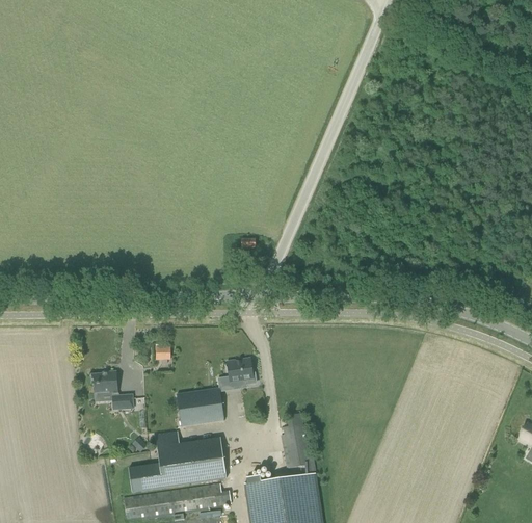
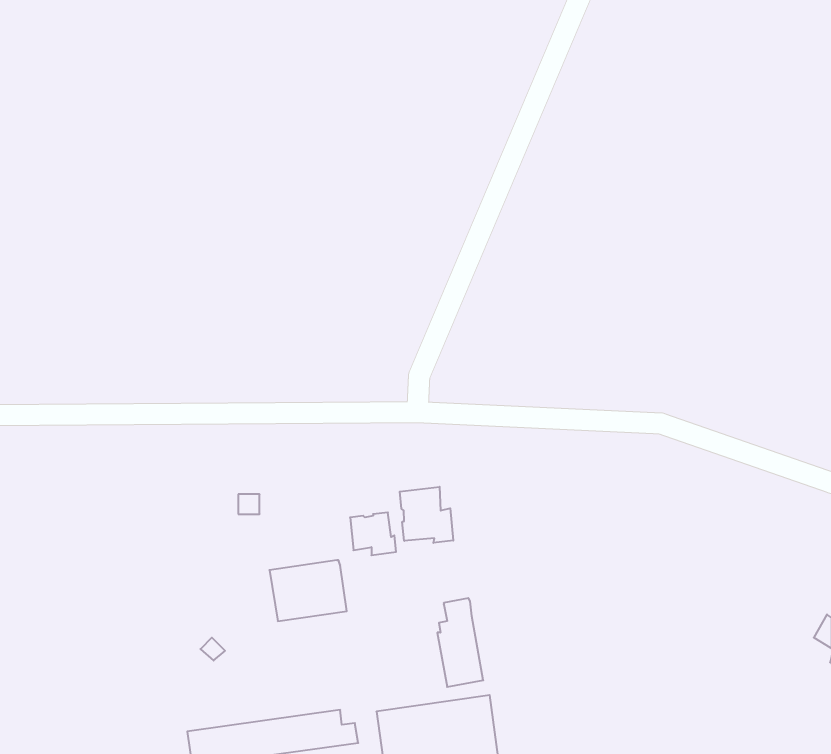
building: none -> [400,487,453,543]
building: [90,371,133,410] -> none
building: [129,433,225,492] -> none

